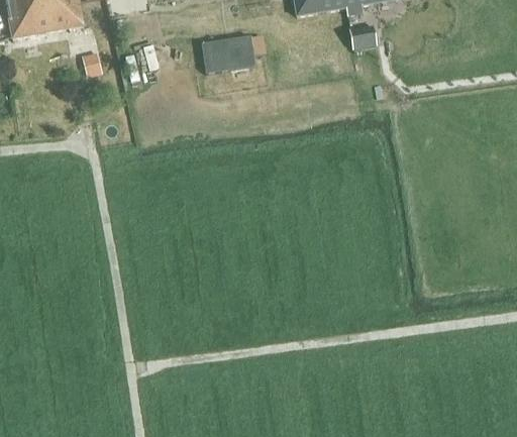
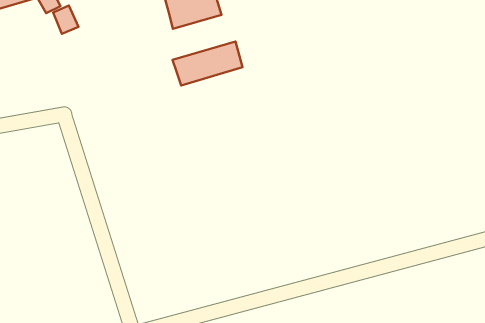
building: none -> [173,42,243,86]

